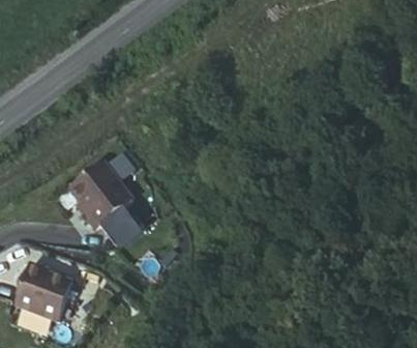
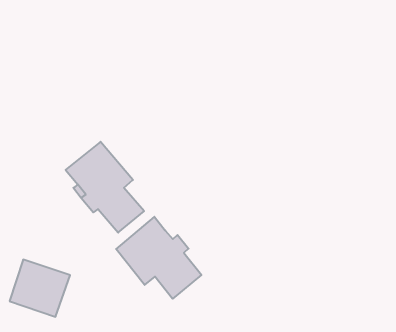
building: none -> [116,217,201,299]

